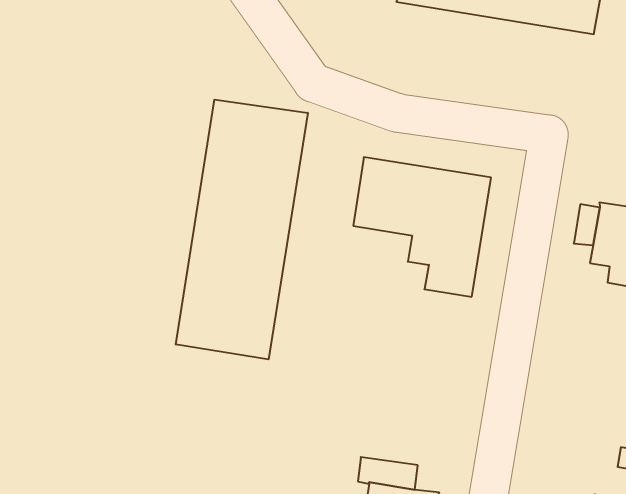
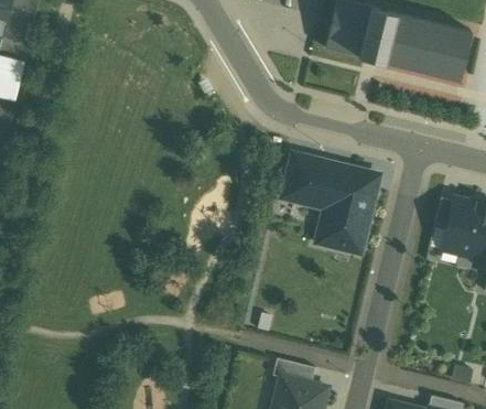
building: [176,100,308,359] -> none

